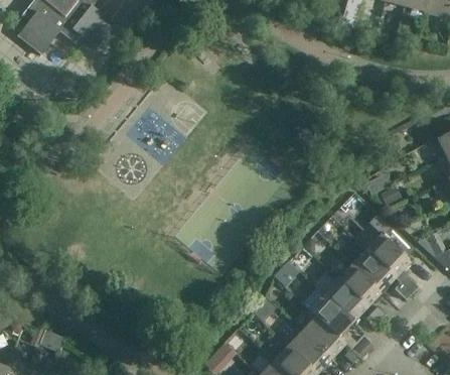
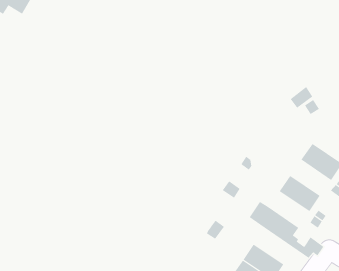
building: [351,248,395,290] -> none
building: [323,278,366,321] -> none
building: [301,315,357,361] -> none

